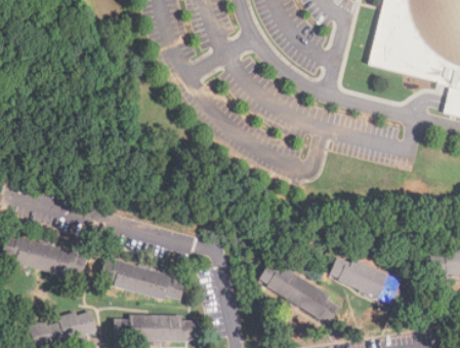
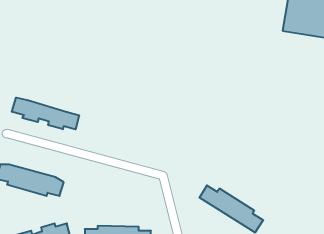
building: none -> [12,98,79,129]
building: [331,258,415,309] -> none
building: [102,261,187,301] -> none

